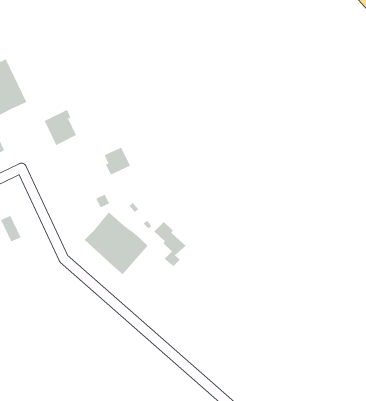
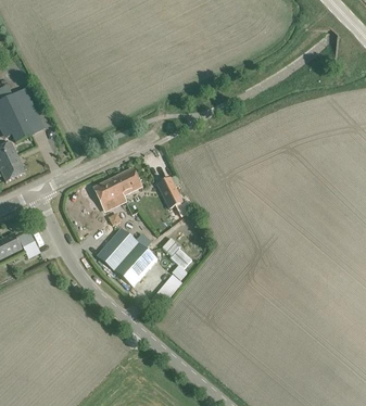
building: [44,109,77,146] -> [93,177,124,211]
building: none -> [156,176,180,208]

